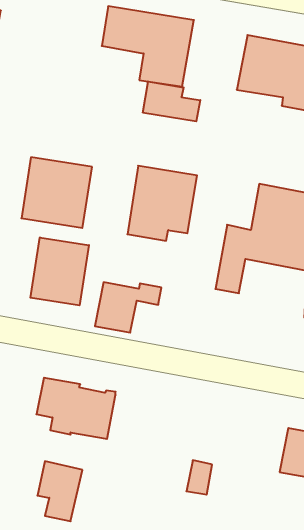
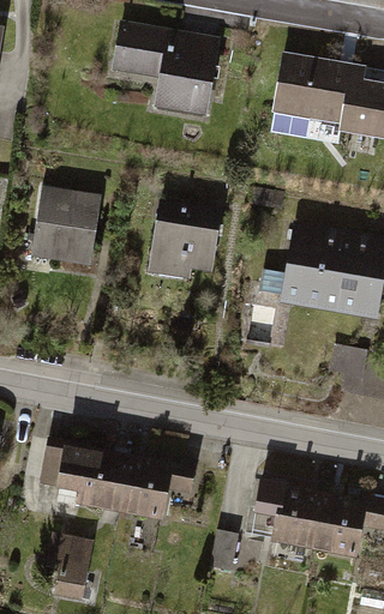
building: [143,81,200,121] -> none
building: [30,237,89,305] -> none
building: [95,282,161,333] -> [122,457,197,513]
building: none -> [247,477,325,543]

